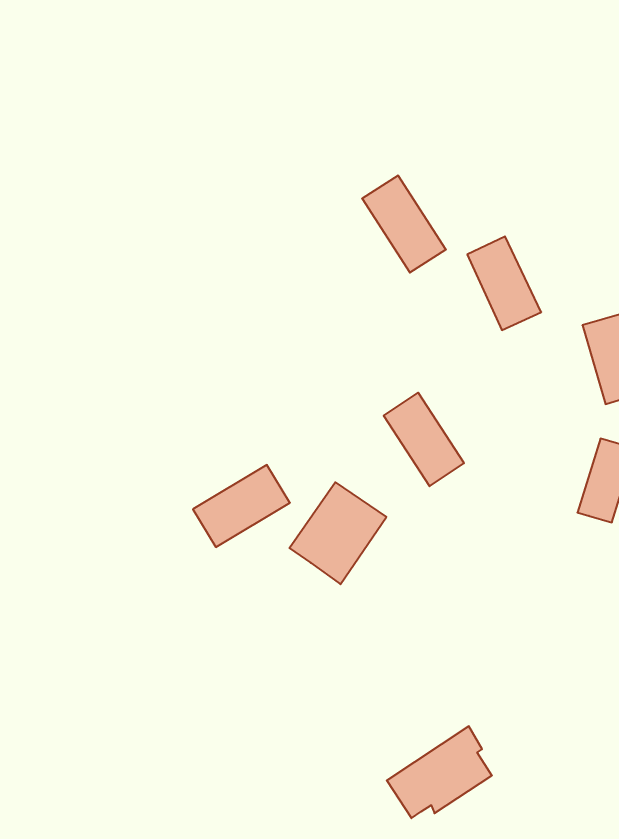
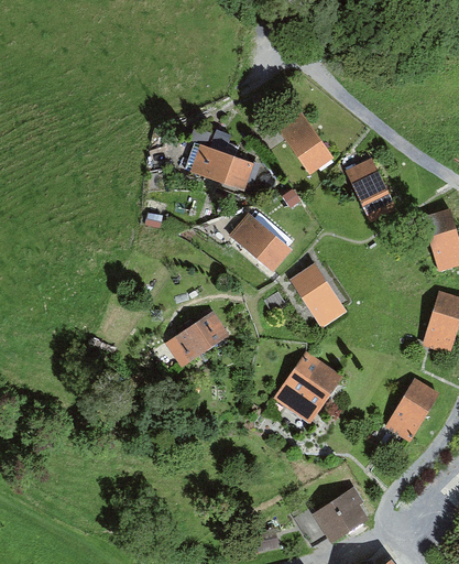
building: none -> [190,144,255,188]
building: none -> [231,213,292,269]
building: [289,482,386,584] -> [273,355,338,423]
building: none -> [385,380,436,440]

